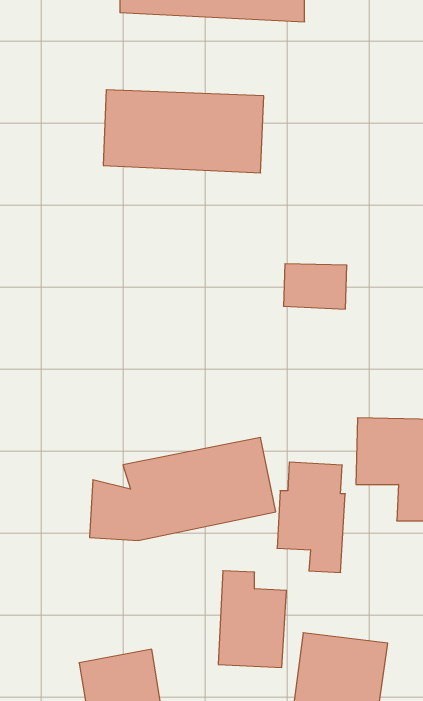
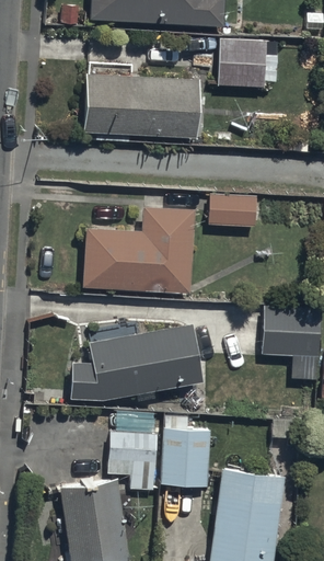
building: none -> [219,44,278,92]
building: none -> [81,206,198,293]
building: [277,462,345,572] -> [107,416,157,496]

